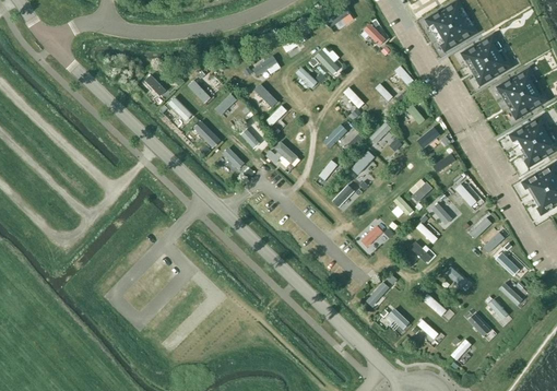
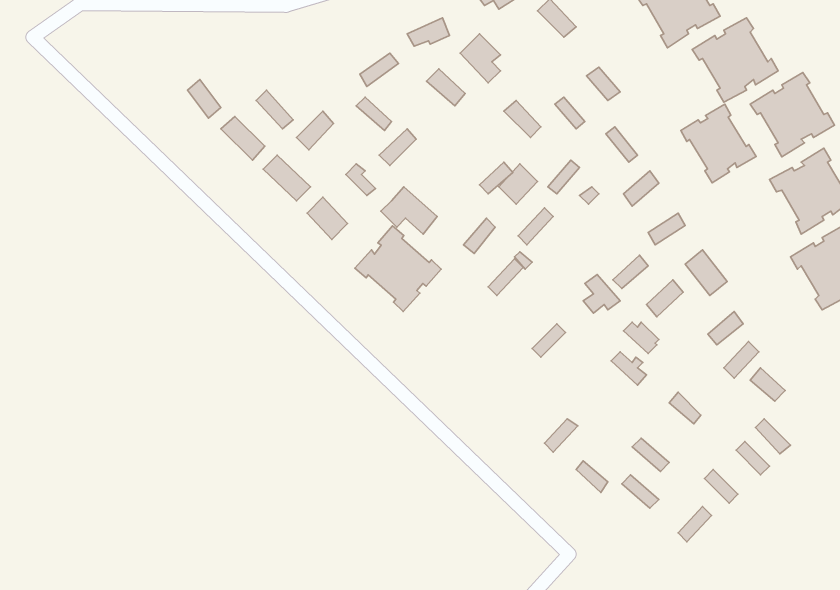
building: none -> [681,104,756,183]
building: none -> [355,226,441,311]

